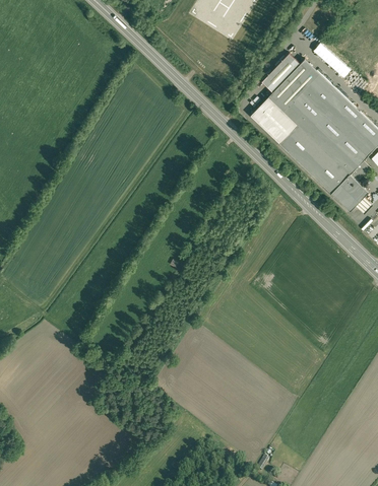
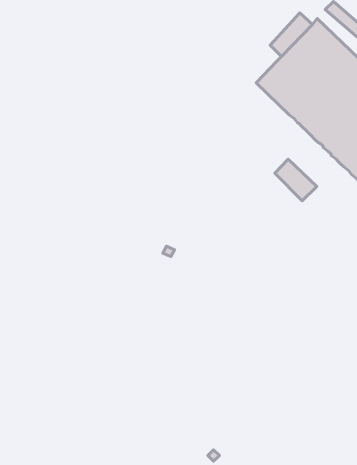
building: none -> [275,159,317,201]

